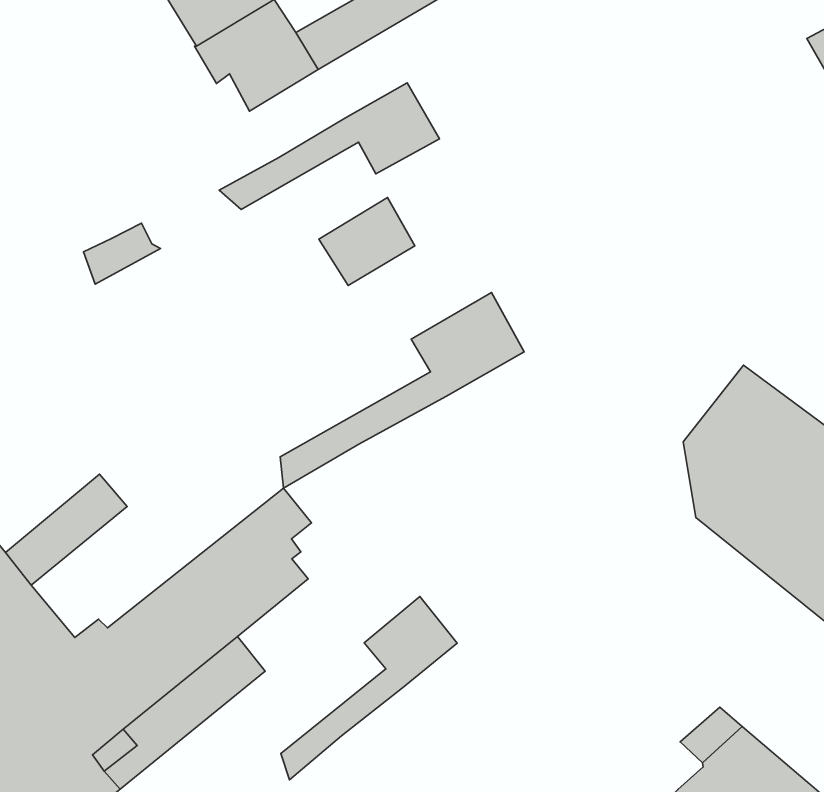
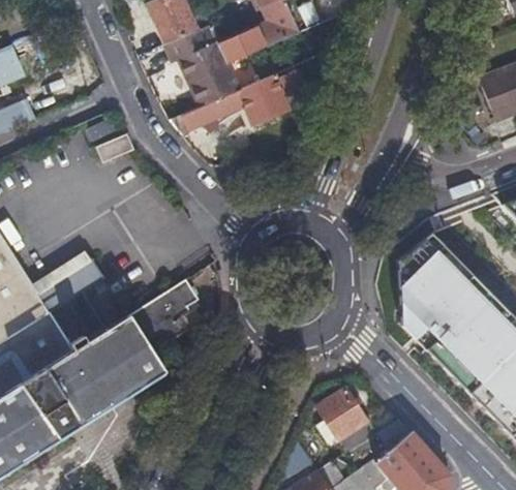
building: [319,198,415,286] -> [189,64,239,108]
building: [280,293,524,488] -> none
building: [281,596,457,780] -> none
building: none -> [318,391,372,455]

